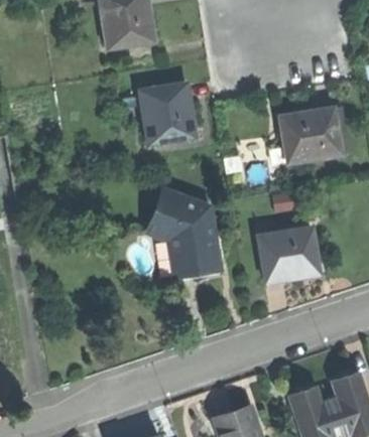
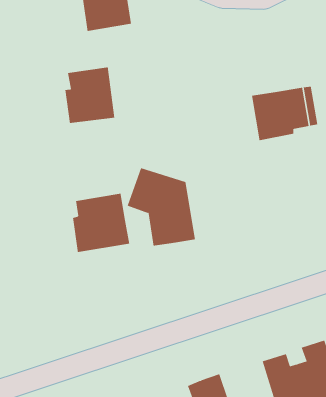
building: [141,83,195,142] -> [64,67,115,124]
building: none -> [73,193,130,253]
building: [258,225,321,277] -> none

